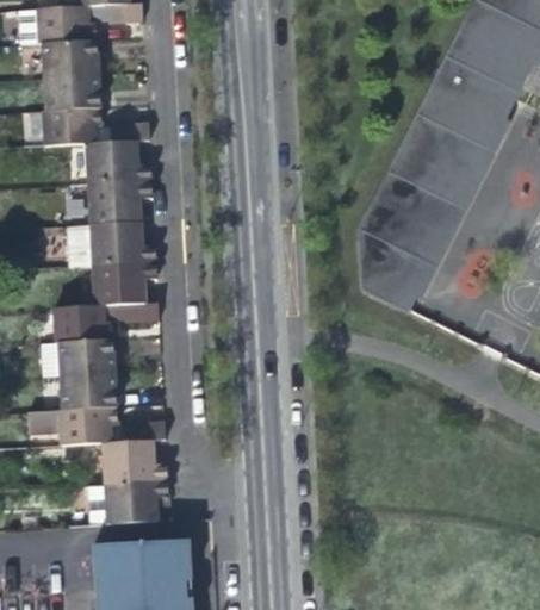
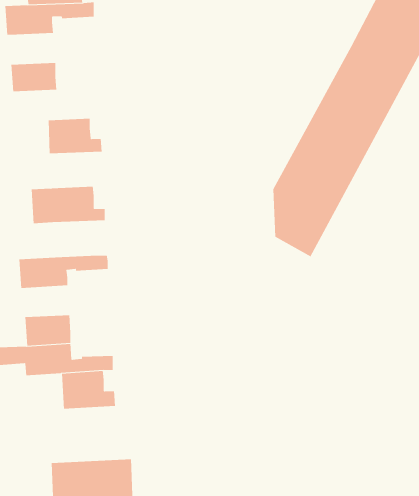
building: [43,41,98,77] -> none
building: [43,107,150,145] -> none
building: [89,180,153,223] -> none
building: [94,261,157,304] -> none
building: [38,337,114,375] -> none
building: [106,479,169,525] -> none

